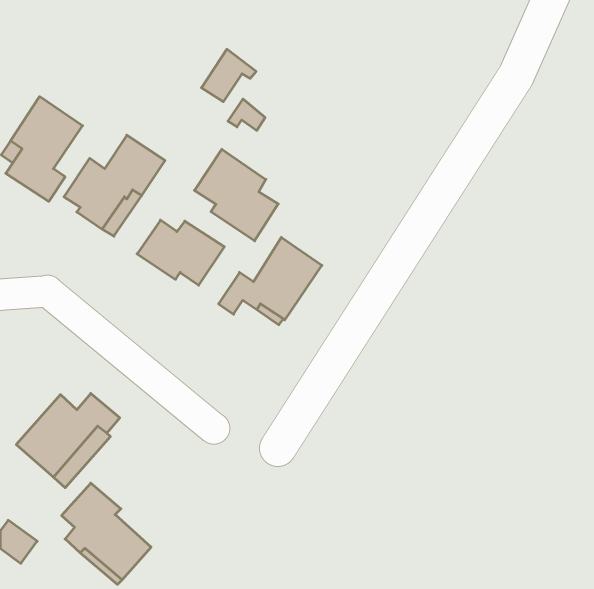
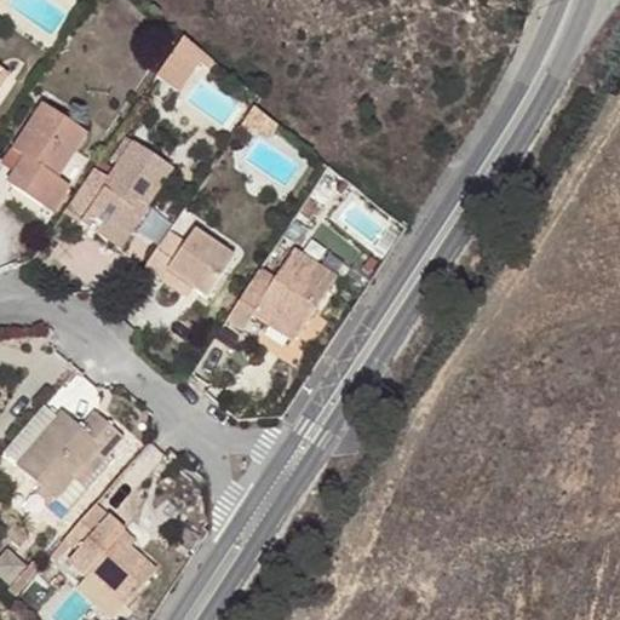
building: [201,49,256,102] -> [156,34,213,88]
building: [194,149,278,241] -> none

